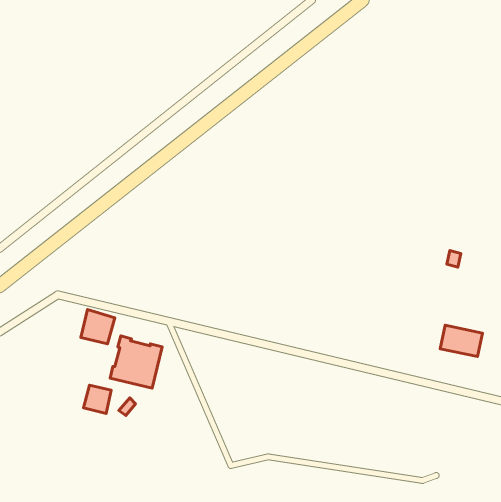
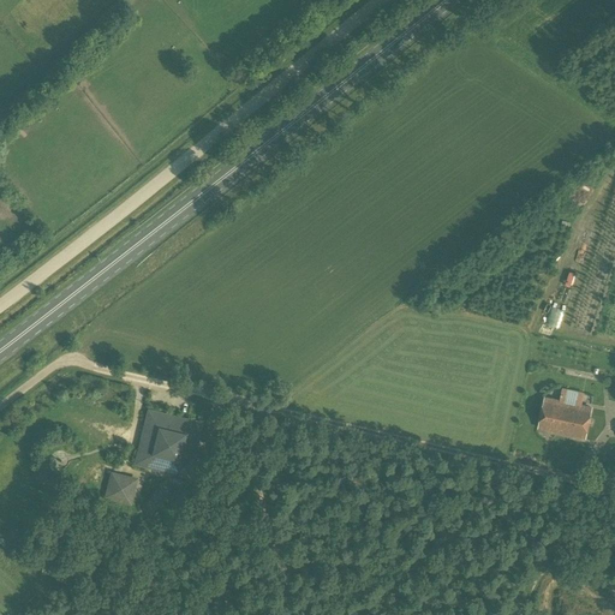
building: [81,310,115,344] -> none

